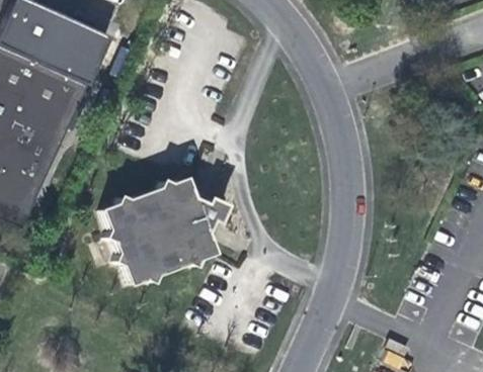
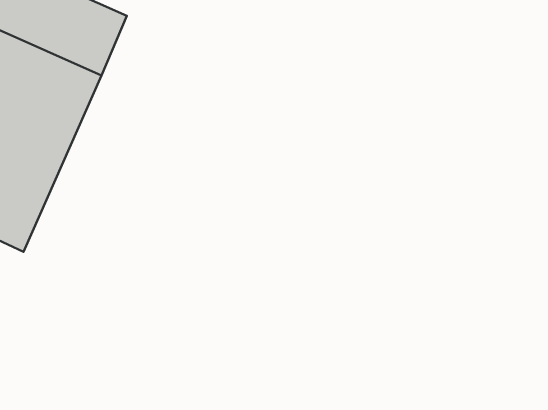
building: [94,173,222,283] -> none

